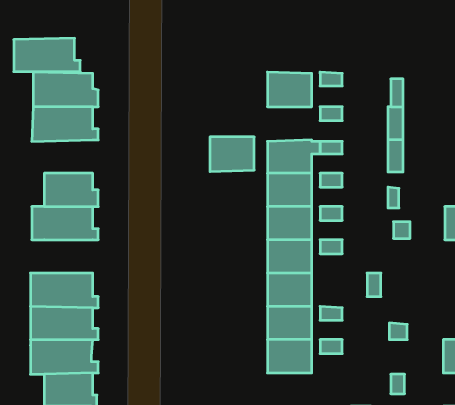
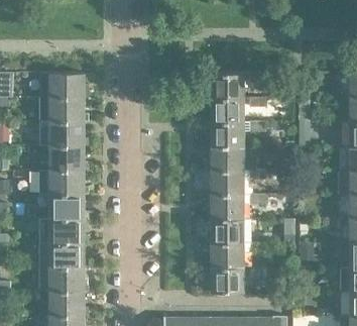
building: [14,38,80,72] -> [38,121,87,145]
building: [210,137,254,172] -> [210,97,242,122]
building: none -> [47,194,87,218]

